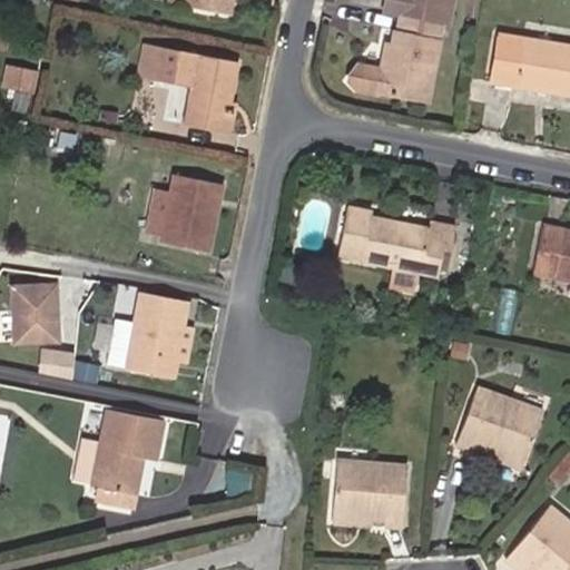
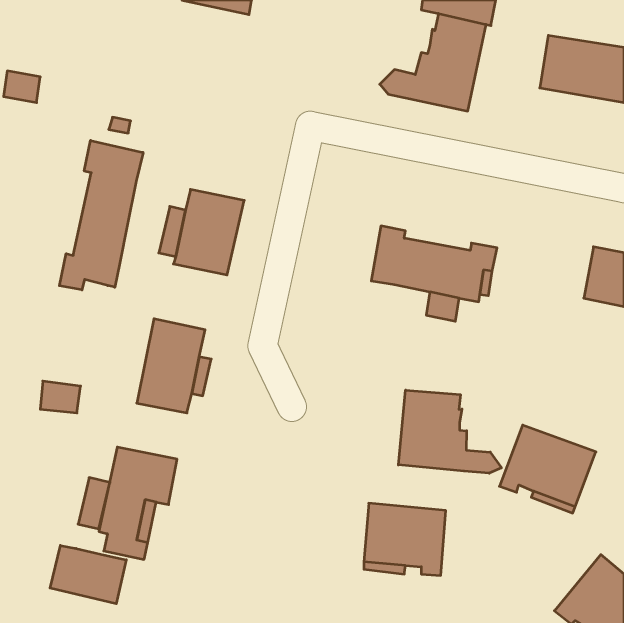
building: [155,47,238,131] -> none
building: none -> [59,140,143,290]
building: [12,283,62,345] -> none
building: none -> [398,390,501,473]
building: none -> [50,545,126,604]

